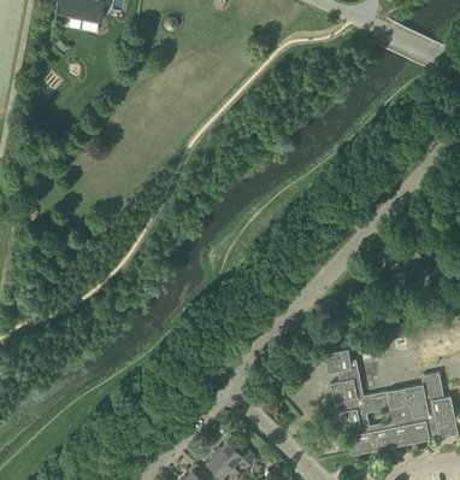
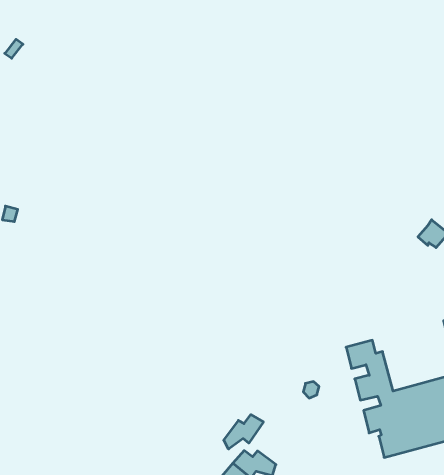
building: none -> [224,415,263,449]

